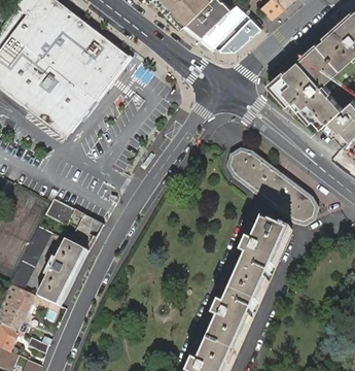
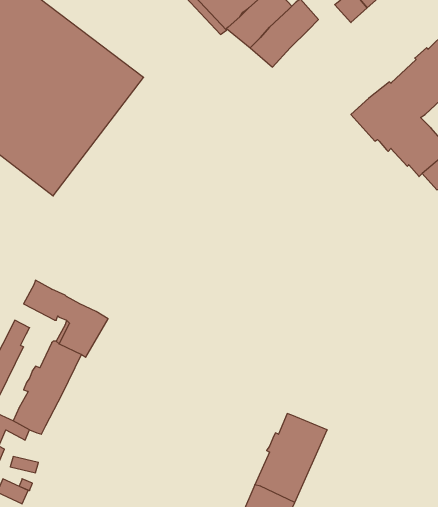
building: [218,16,261,50] -> none
building: [230,151,315,223] -> none
building: [228,220,288,302] -> none

